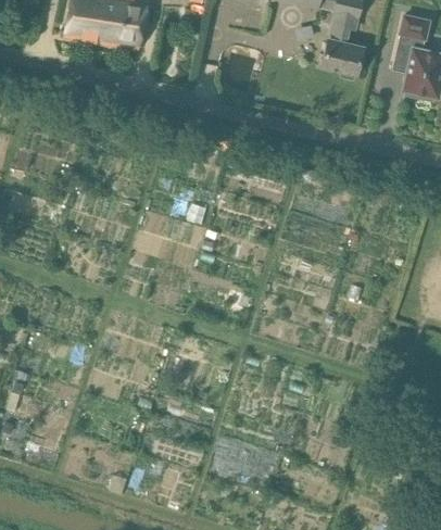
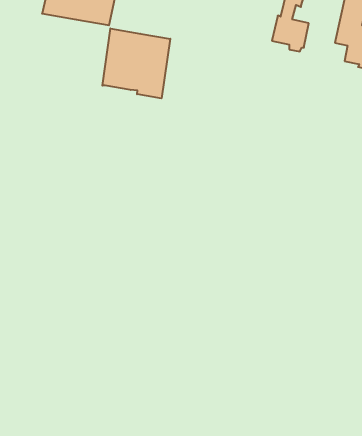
building: none -> [102,28,170,98]

